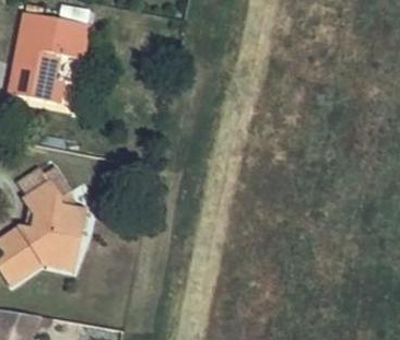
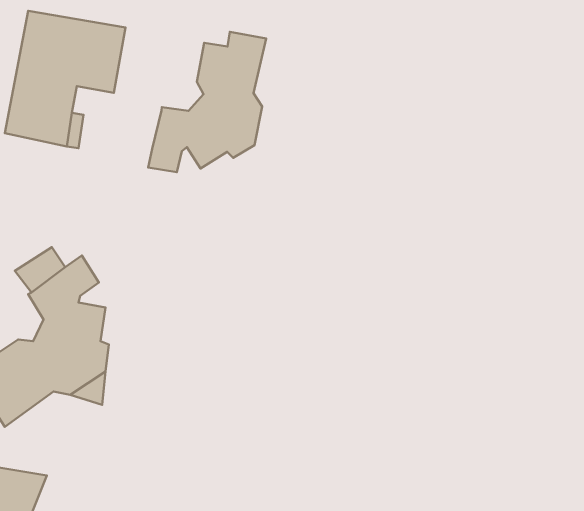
building: none -> [148,32,266,172]

